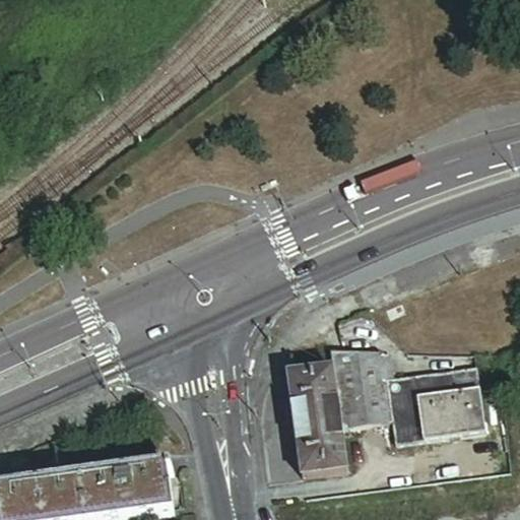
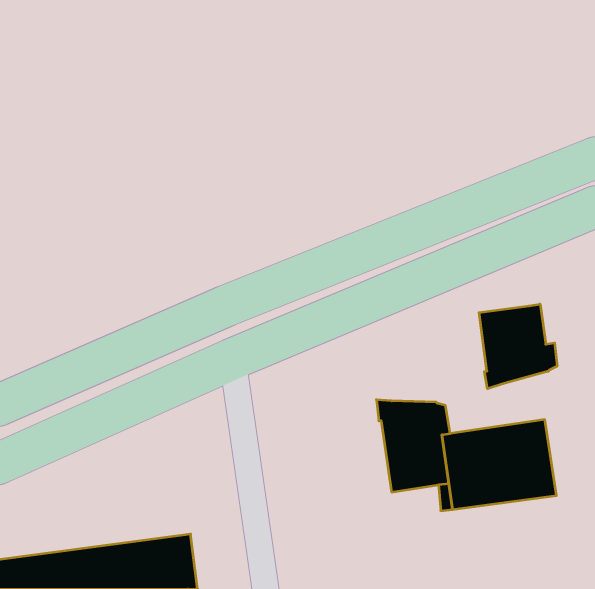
building: none -> [479,304,557,389]
building: [286,366,346,475] -> none

